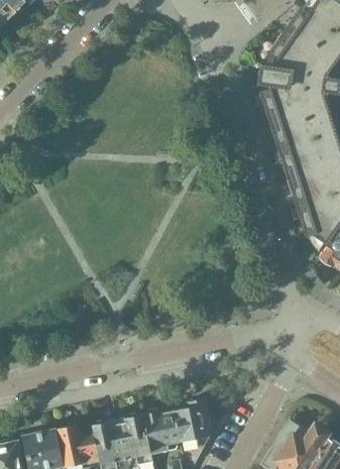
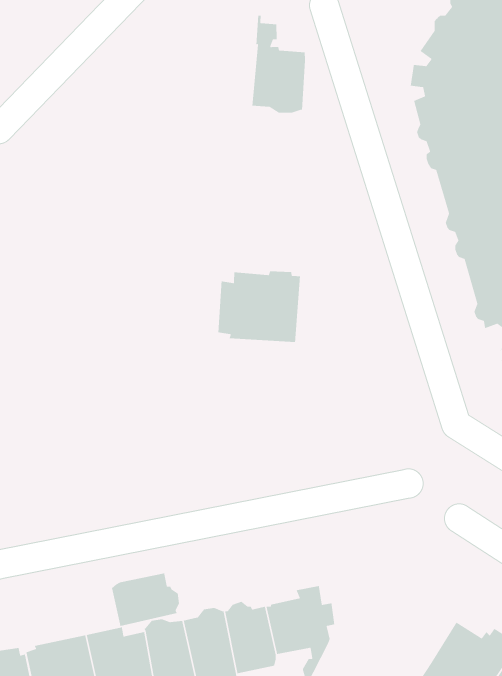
building: none -> [251,15,306,113]
building: none -> [217,271,301,343]
building: none -> [111,572,180,627]

